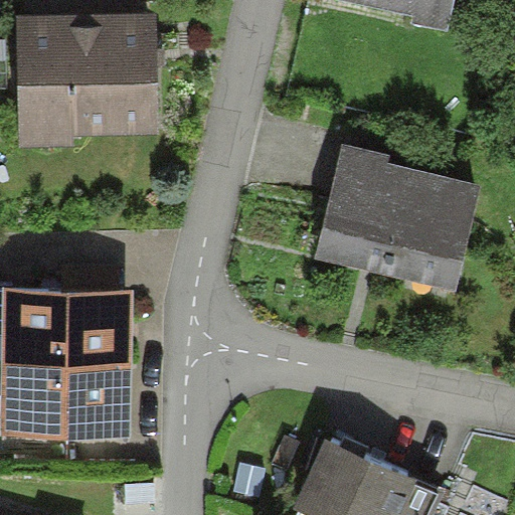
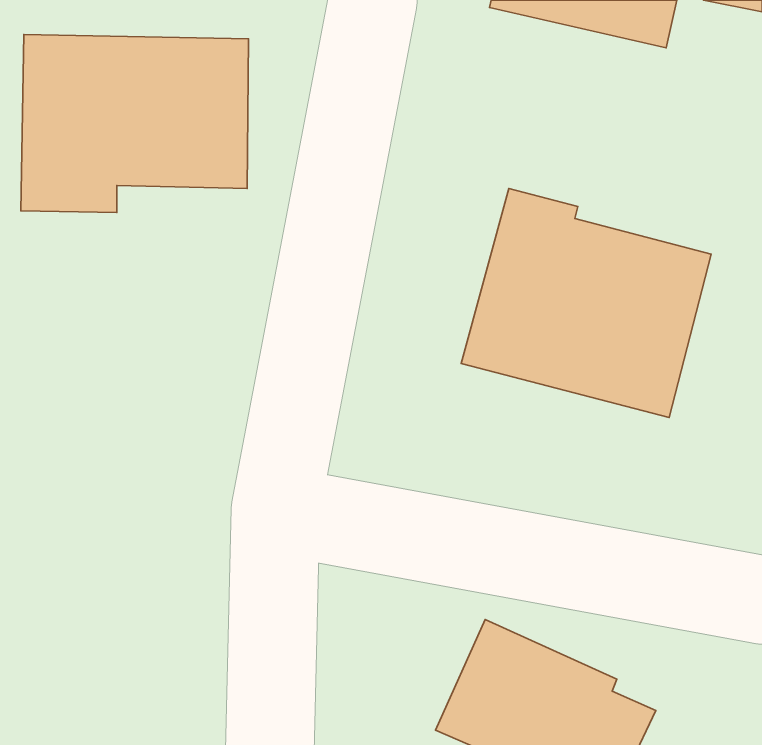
building: [7,287,128,432] -> none

